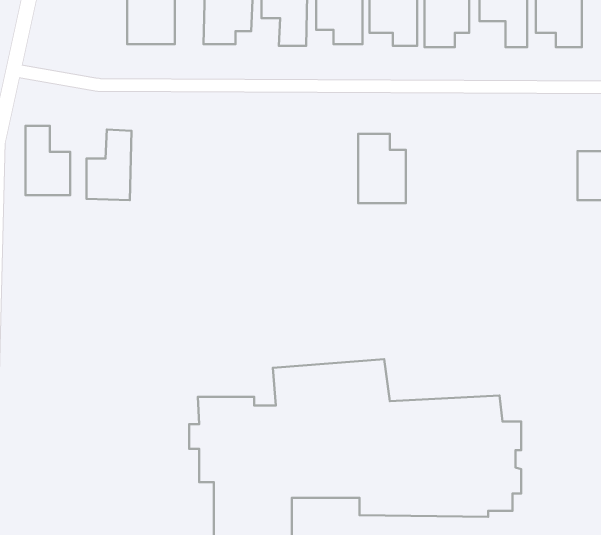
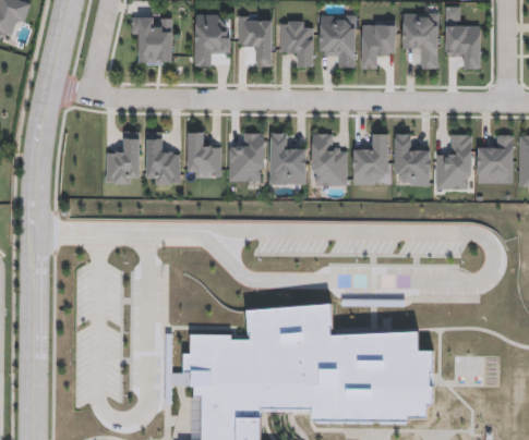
building: [25,126,70,195] -> [146,133,180,185]
building: none -> [188,132,221,175]
building: none -> [229,134,265,182]
building: none -> [269,134,306,185]
building: none -> [352,134,389,185]
building: none -> [394,134,430,186]
building: none -> [436,134,472,191]

